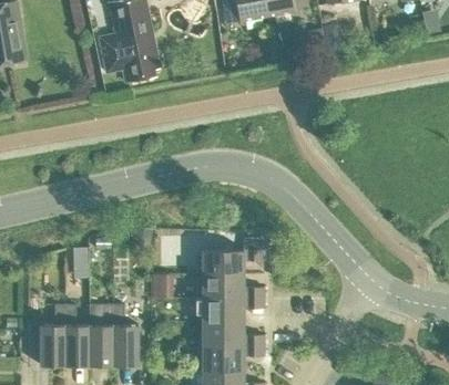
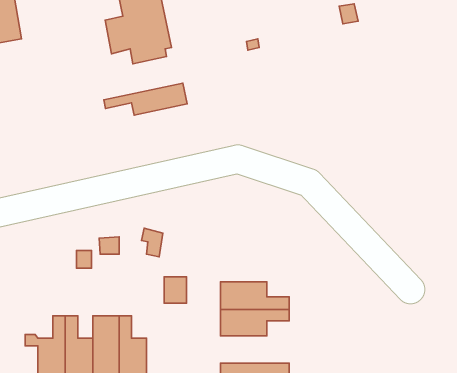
building: none -> [104,83,187,115]
building: [203,238,264,274] -> none
building: [203,322,264,346] -> none

